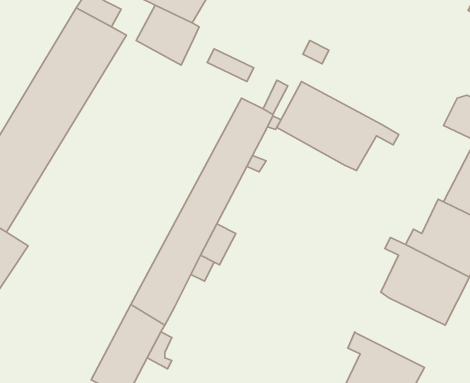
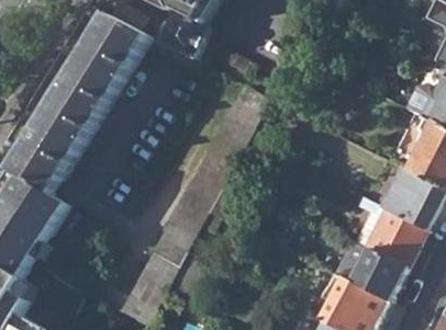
building: [277,81,399,170] -> none
building: none -> [332,241,403,303]

